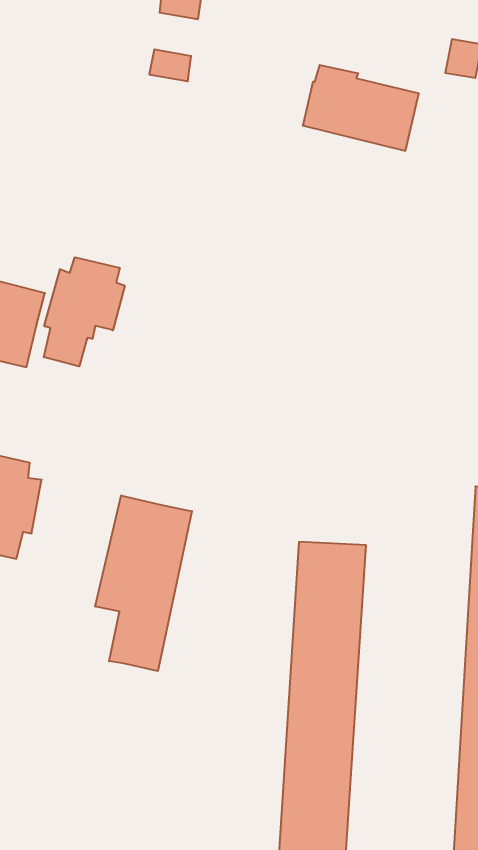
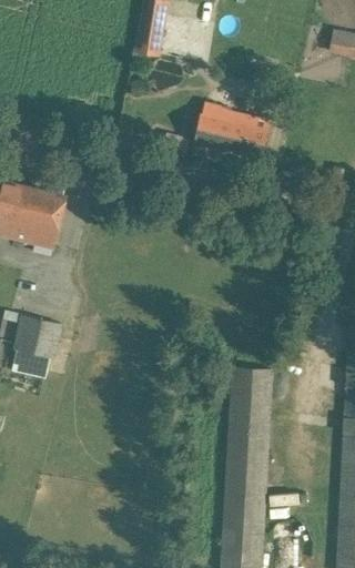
building: [303,65,419,151] -> [194,103,271,160]
building: [44,257,125,366] -> none
building: [95,495,192,671] -> none

